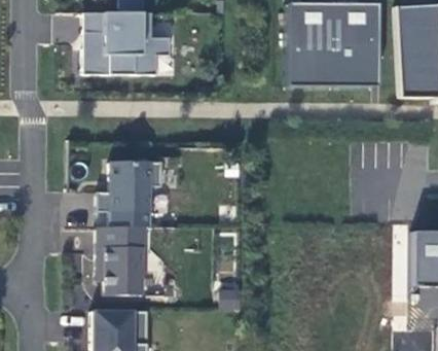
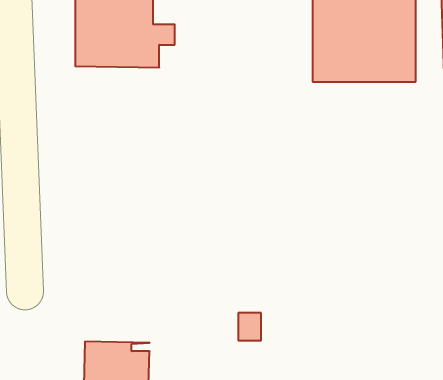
building: [99,161,162,210] -> none
building: [98,225,147,293] -> none

